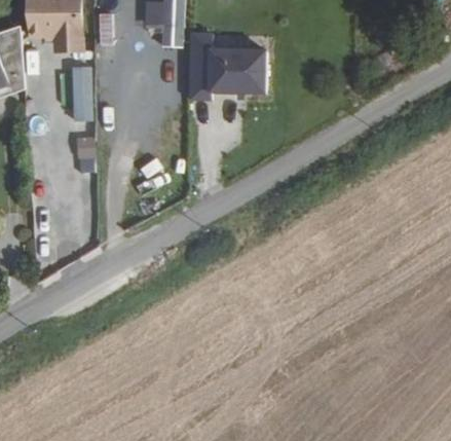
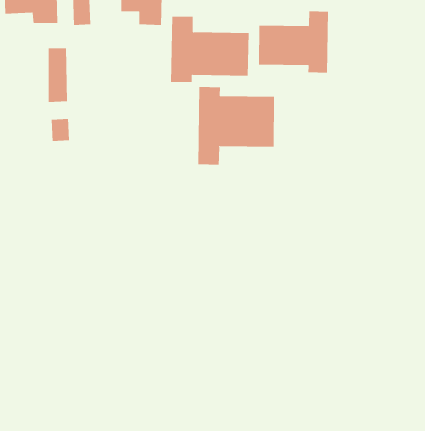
building: none -> [258,11,328,73]
building: none -> [198,86,275,165]

